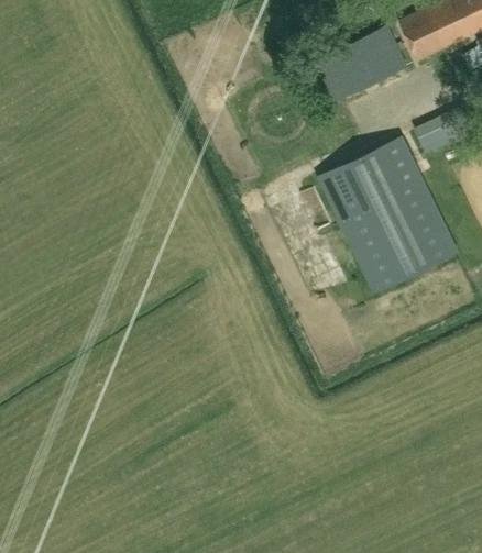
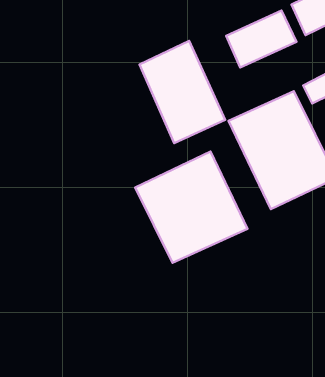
building: none -> [139,41,225,143]
building: none -> [135,152,248,263]

